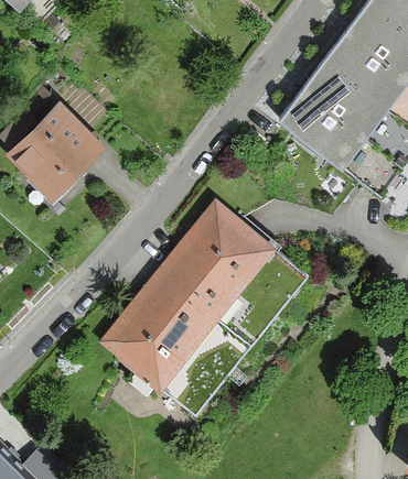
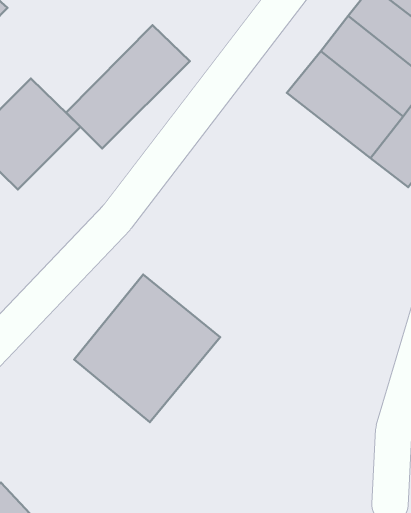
building: none -> [66,25,190,149]
building: [154,198,278,323] -> none

